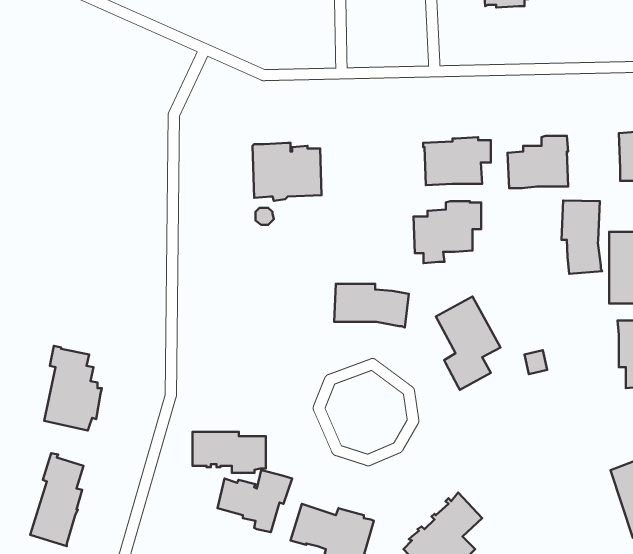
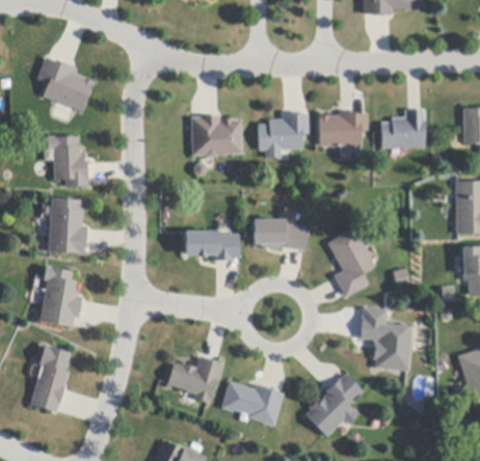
building: none -> [38,56,96,110]
building: none -> [49,135,90,186]
building: [561,201,602,274] -> none
building: [414,201,481,263] -> [260,112,310,158]
building: none -> [49,198,88,254]
building: none -> [359,307,411,371]
building: [192,432,266,473] -> [186,230,240,261]

